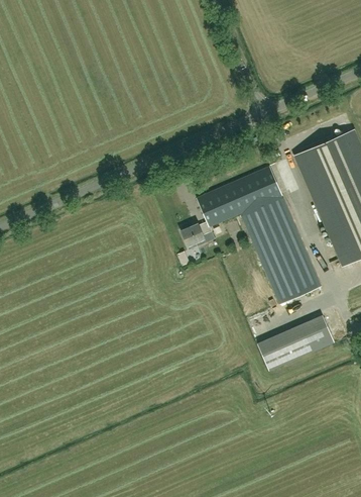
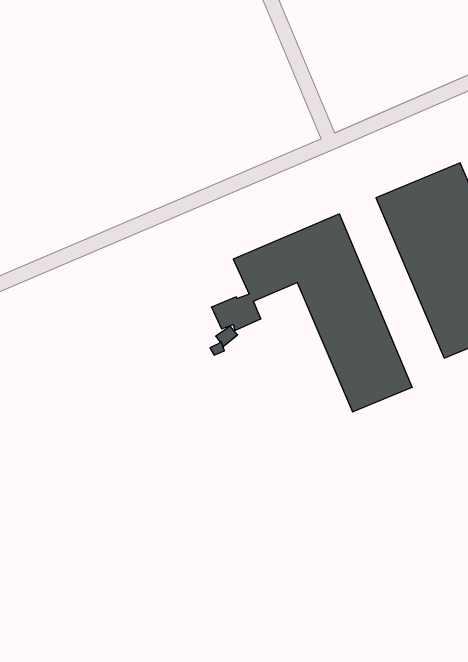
building: [258,315,334,369] -> none

